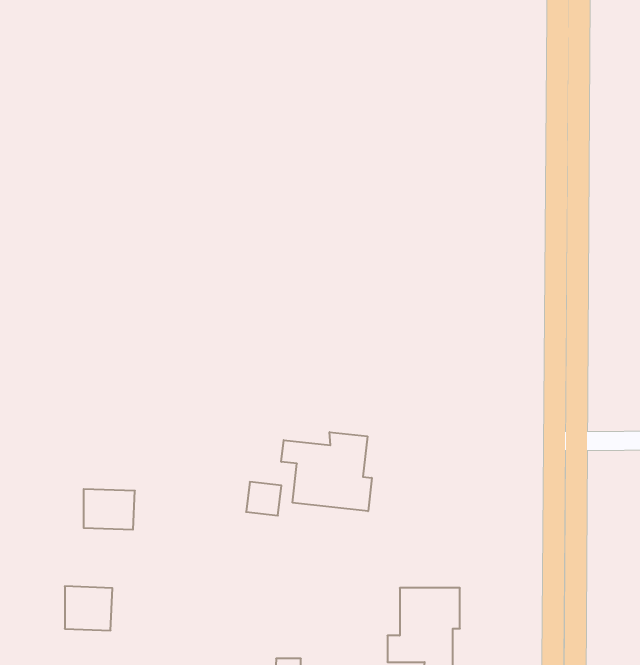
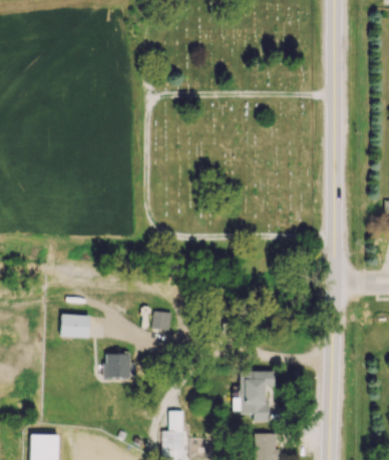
building: [281,432,372,511] -> none
building: [65,586,112,630] -> [104,353,131,378]

